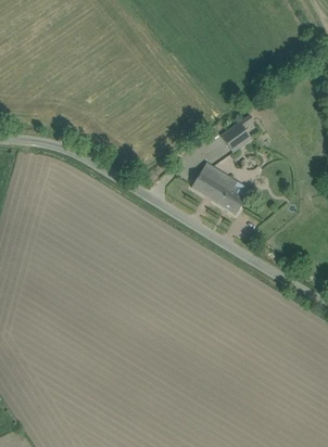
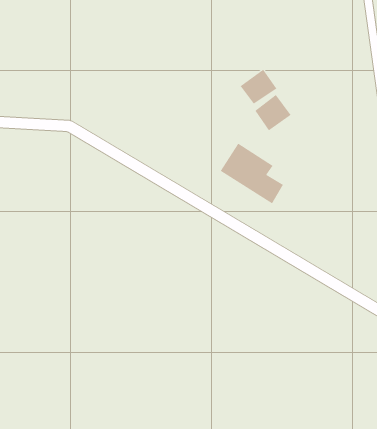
building: none -> [240,69,277,104]

